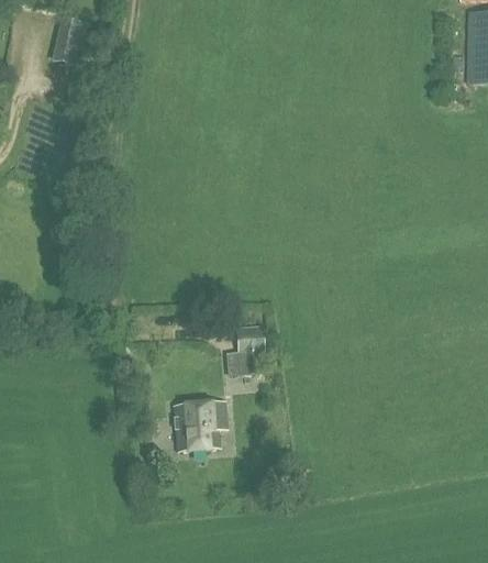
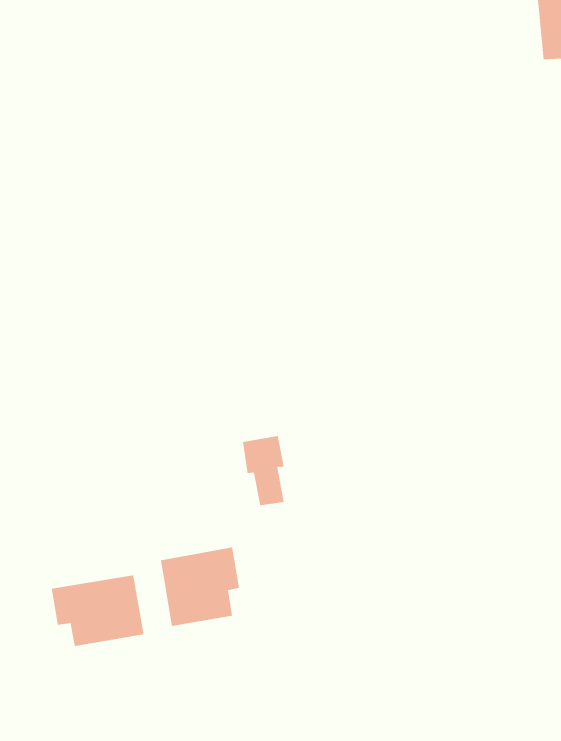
building: none -> [51,575,144,647]

